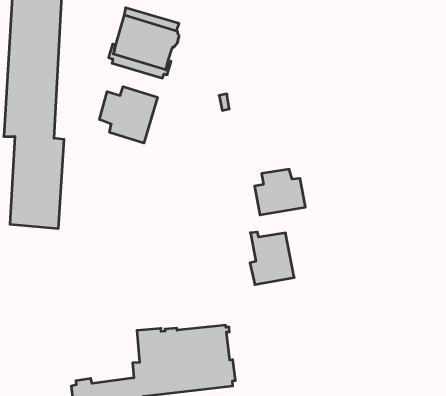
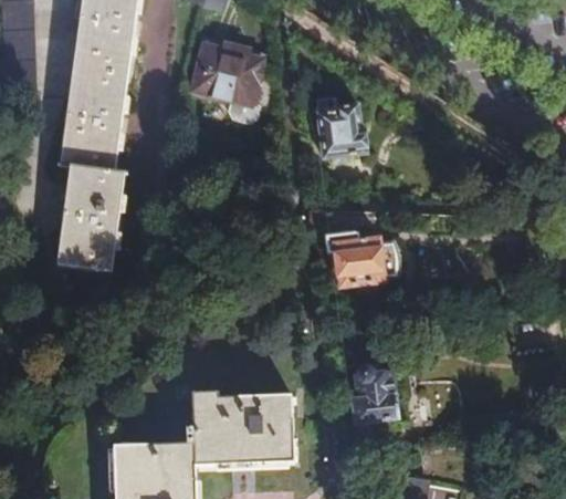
building: none -> [317,97,364,155]
building: [100,87,157,143] -> none
building: [250,232,294,285] -> [355,367,402,425]

